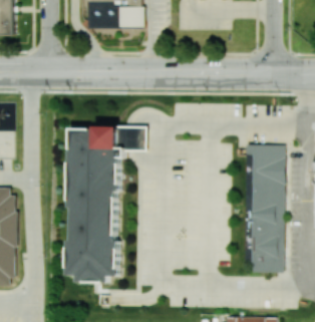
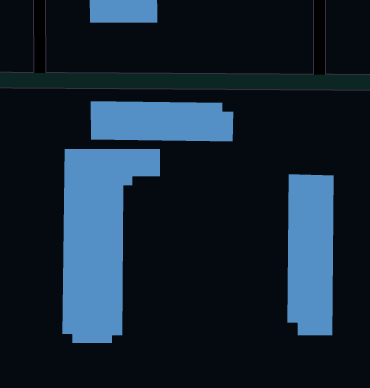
building: none -> [90,100,234,142]

